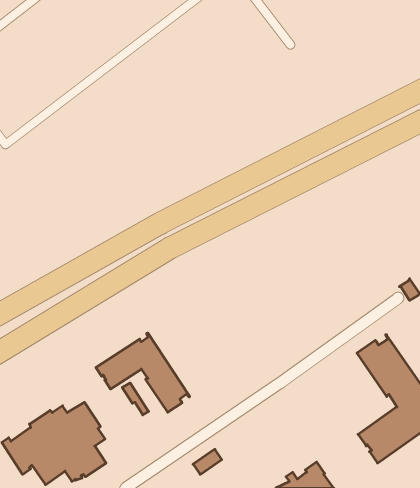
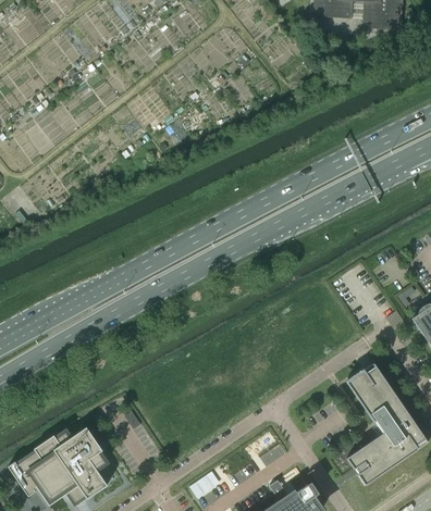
building: [96,333,190,412] -> none

